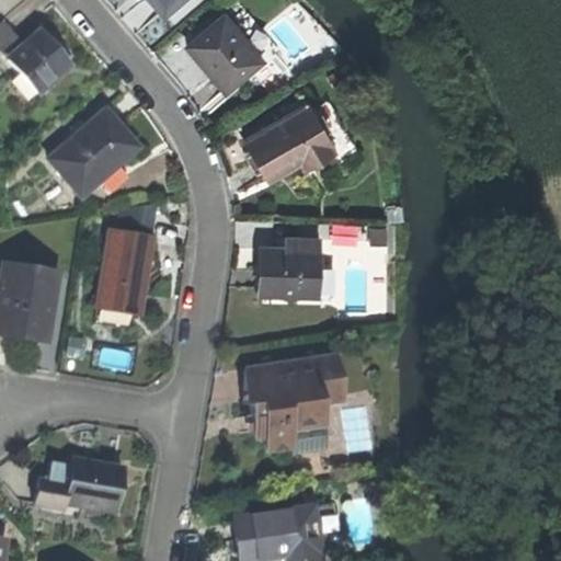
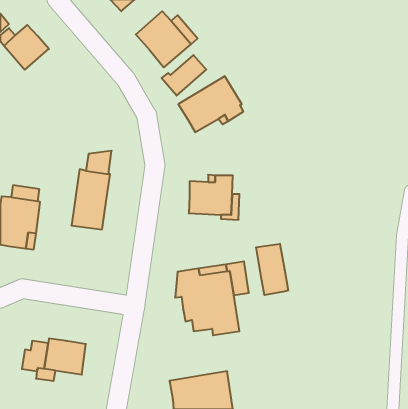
building: none -> [162,55,206,96]
building: [50,113,138,198] -> none
building: none -> [256,244,288,295]

